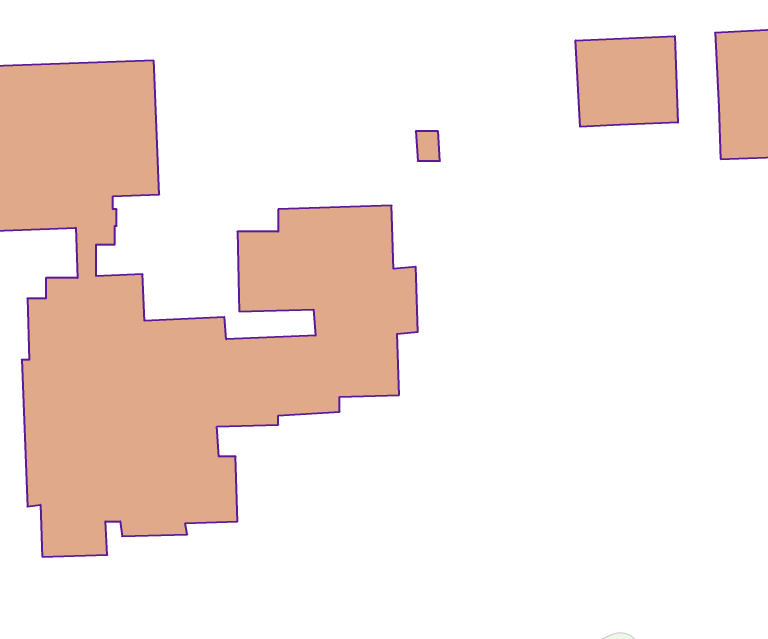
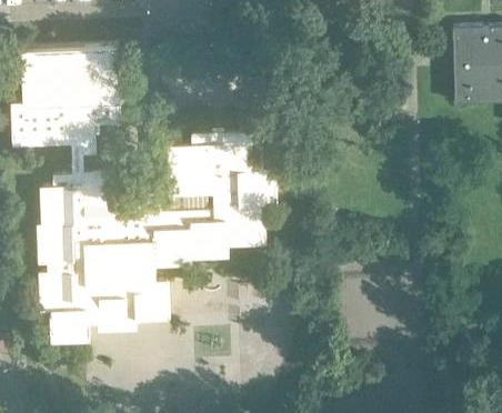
building: [576,36,678,127] -> none

